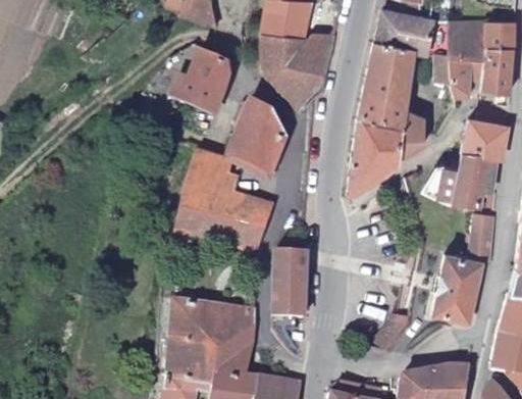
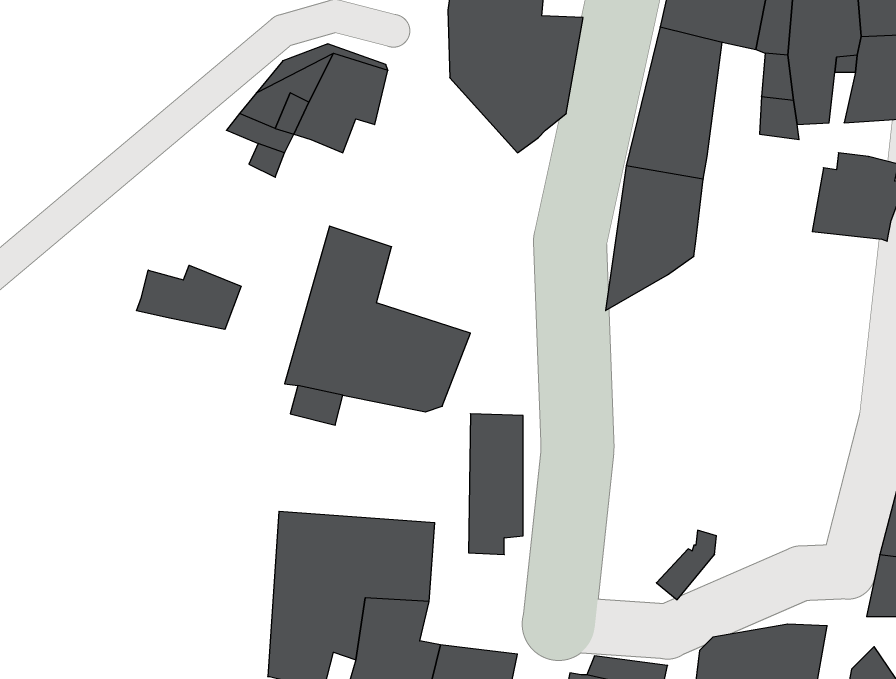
building: [232,103,285,172] -> none
building: [398,111,423,157] -> none
building: [422,152,499,204] -> none
building: none -> [137,265,241,329]
building: [465,212,491,258] -> none
building: [428,255,477,321] -> none

